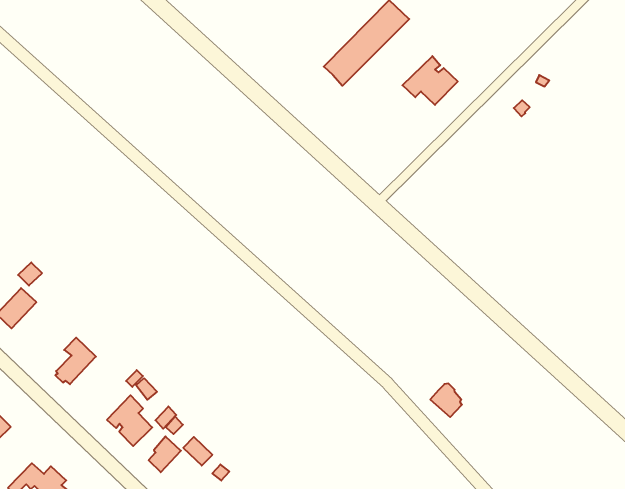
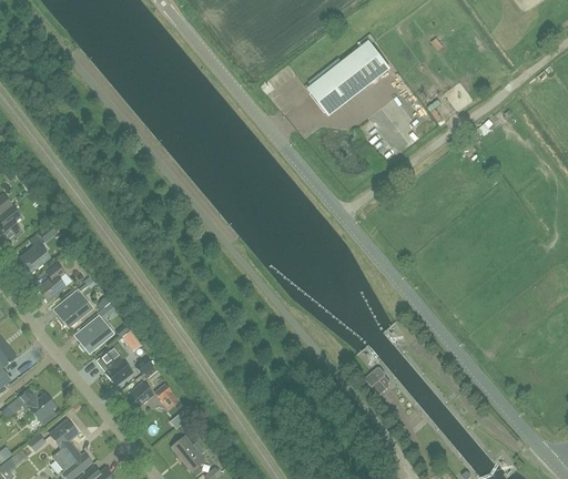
building: [402,56,458,105] -> none
building: none -> [37,262,65,300]
building: none -> [79,315,114,353]

